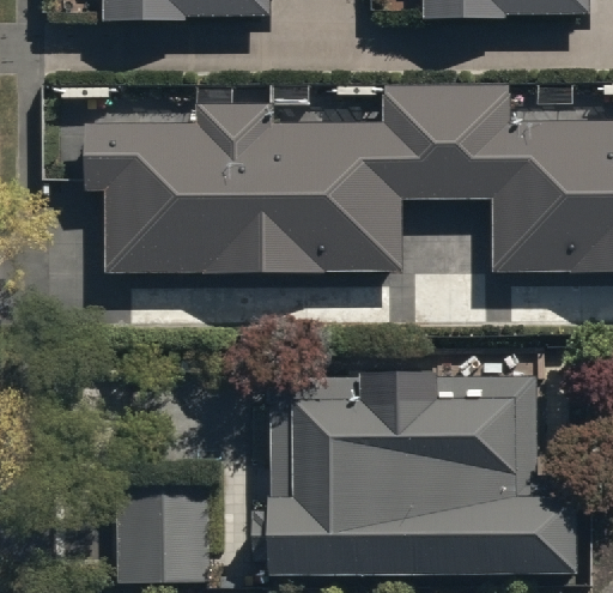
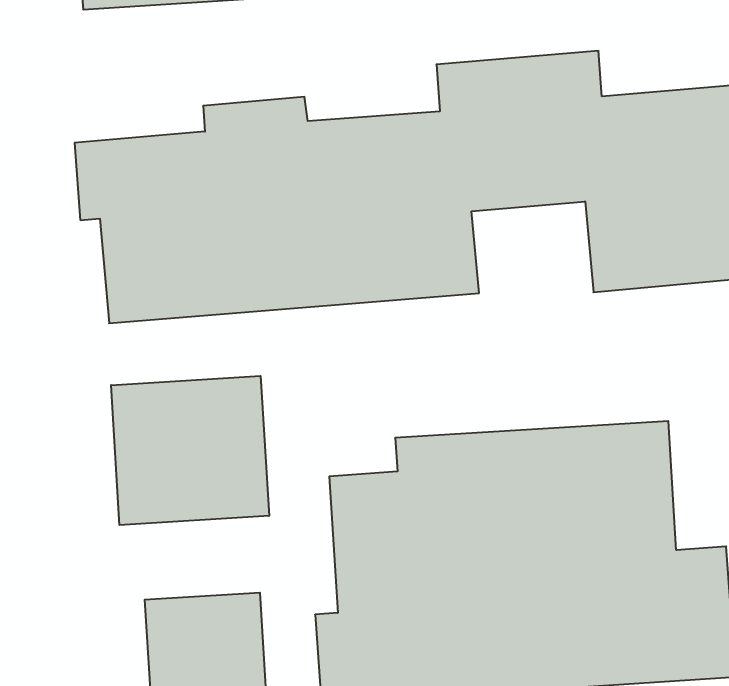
building: none -> [111,376,269,525]

